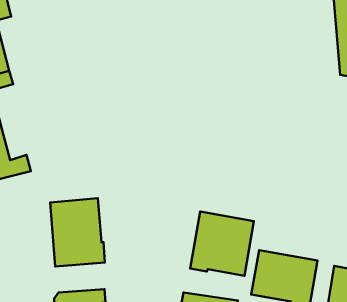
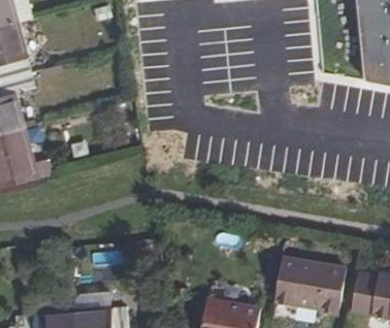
building: [50,198,105,267] -> none
building: [190,212,254,276] -> none

